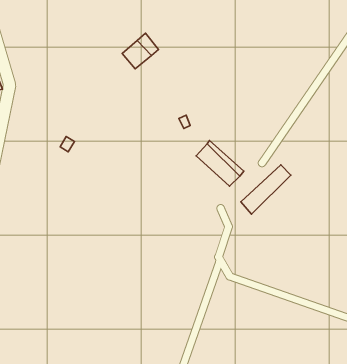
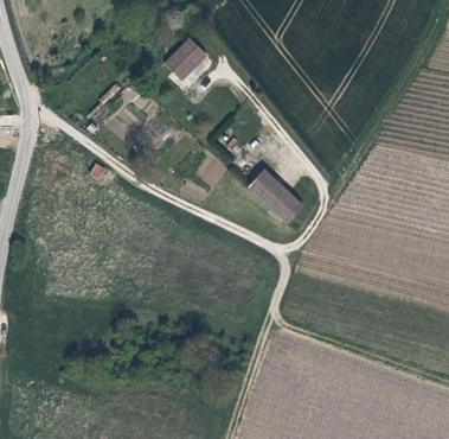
building: [241,165,291,214] -> none

